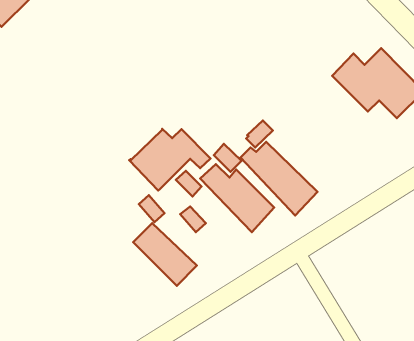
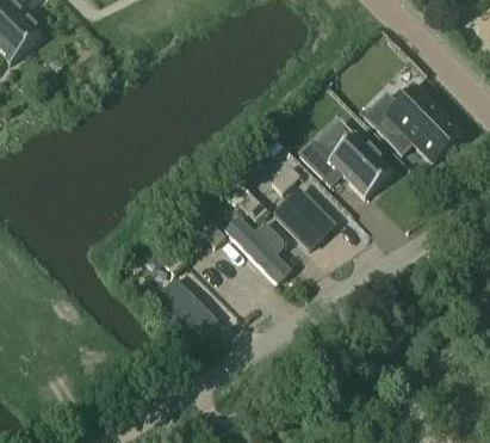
building: none -> [299,131,391,196]
building: [129,129,210,190] -> none

